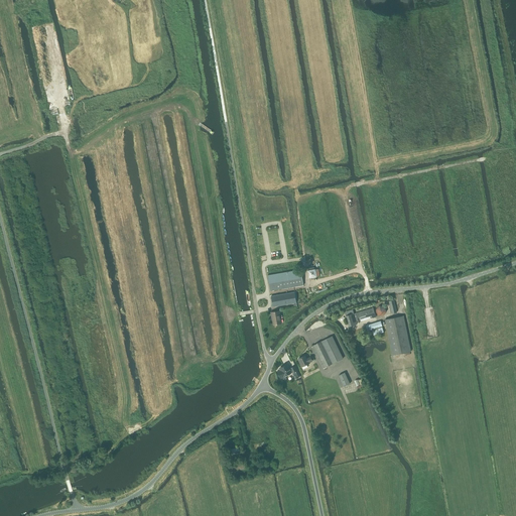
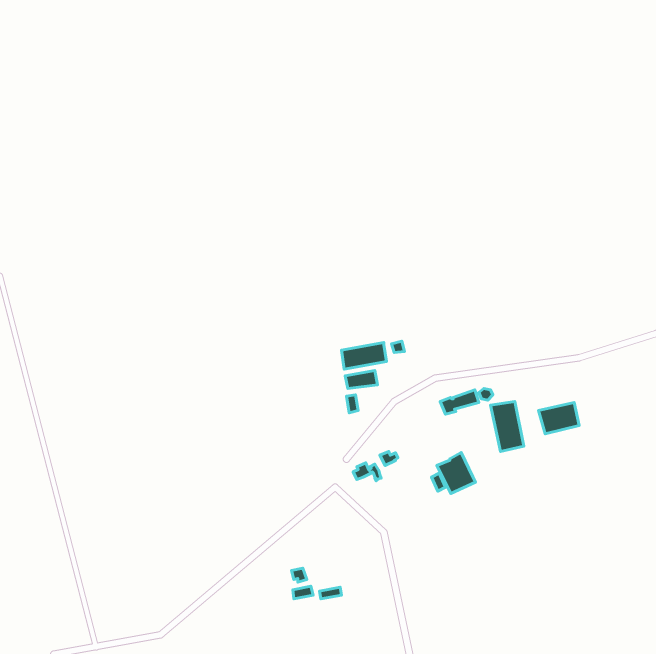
building: none -> [539,402,579,434]
building: [312,335,343,367] -> [437,453,475,494]

